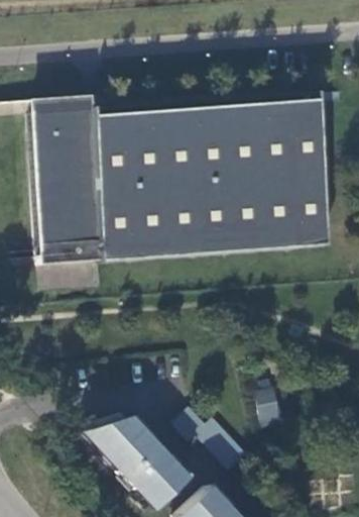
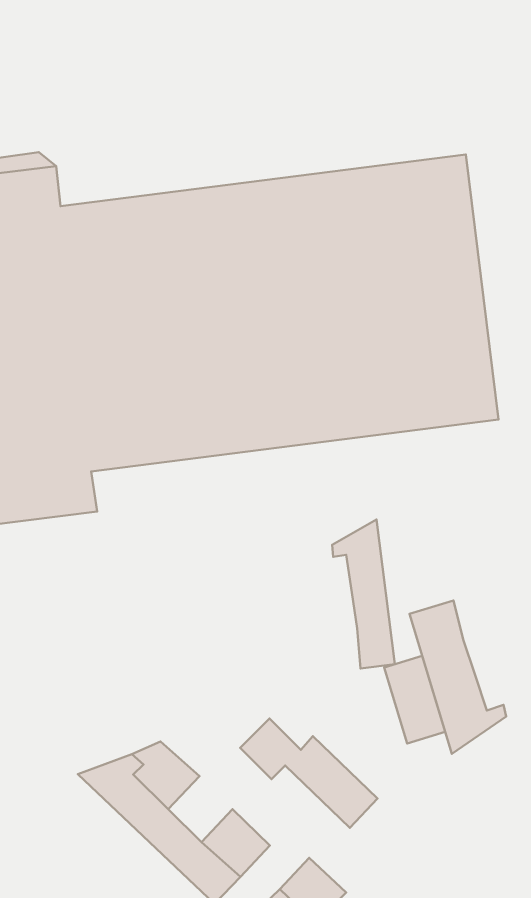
building: none -> [332,519,395,669]
building: none -> [410,600,506,754]

